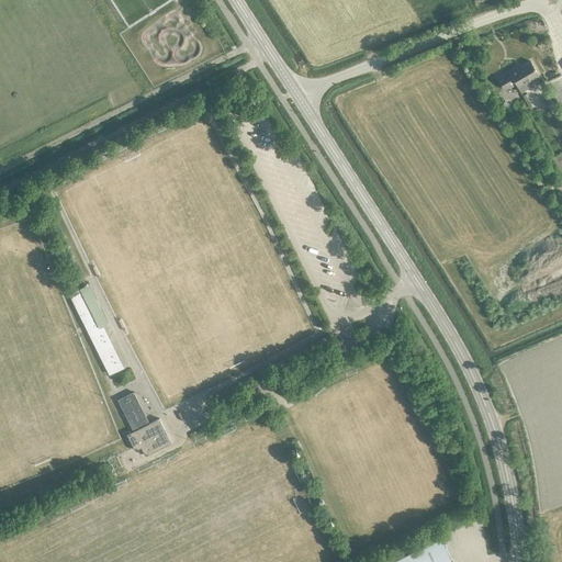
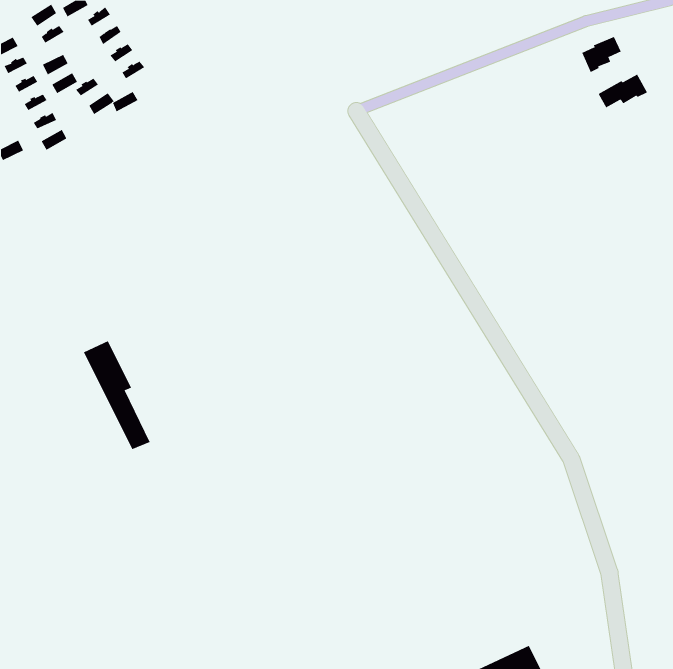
building: none -> [581,36,622,73]
building: [119,396,172,460] -> none

